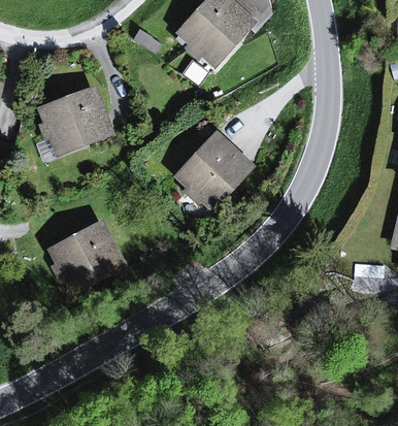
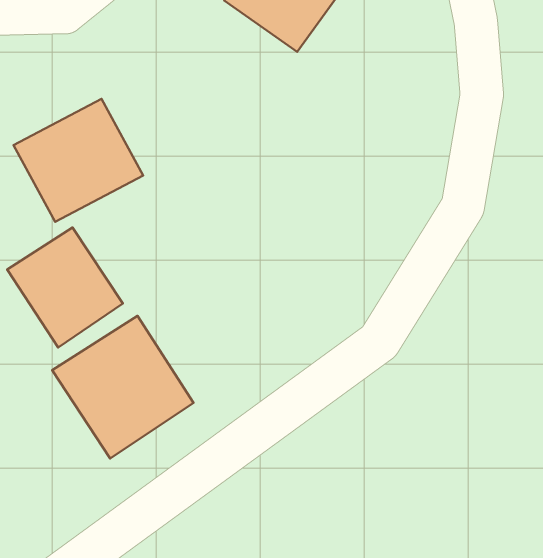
building: [174,132,253,210] -> none
building: none -> [7,228,123,347]

